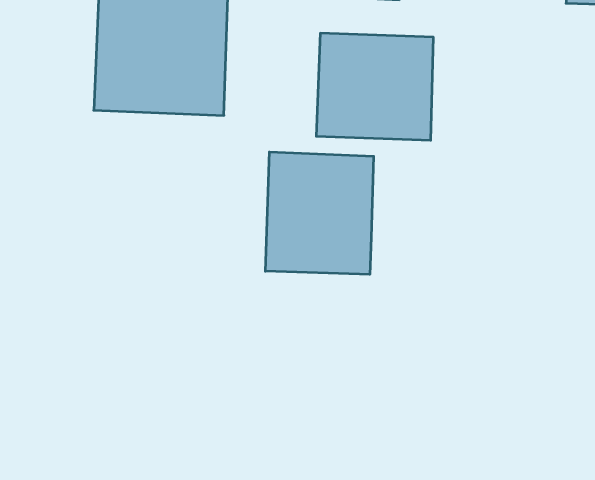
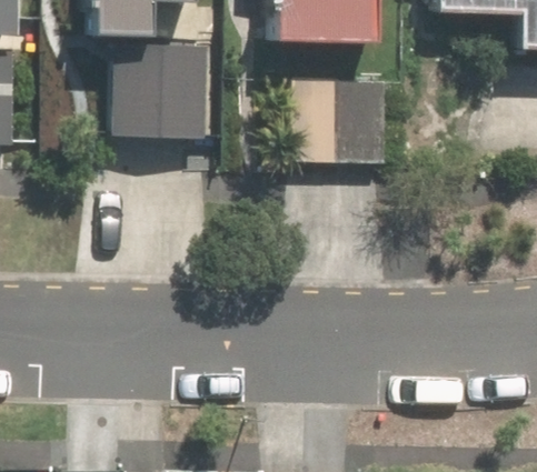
building: [265,152,374,274] -> none

